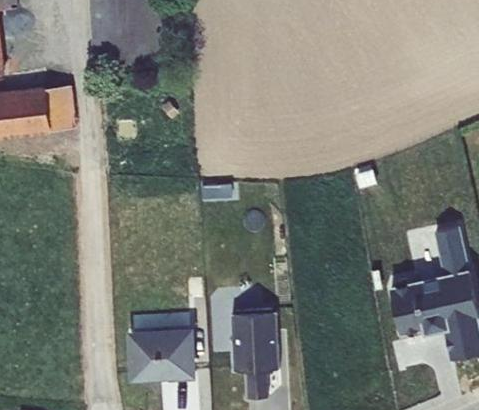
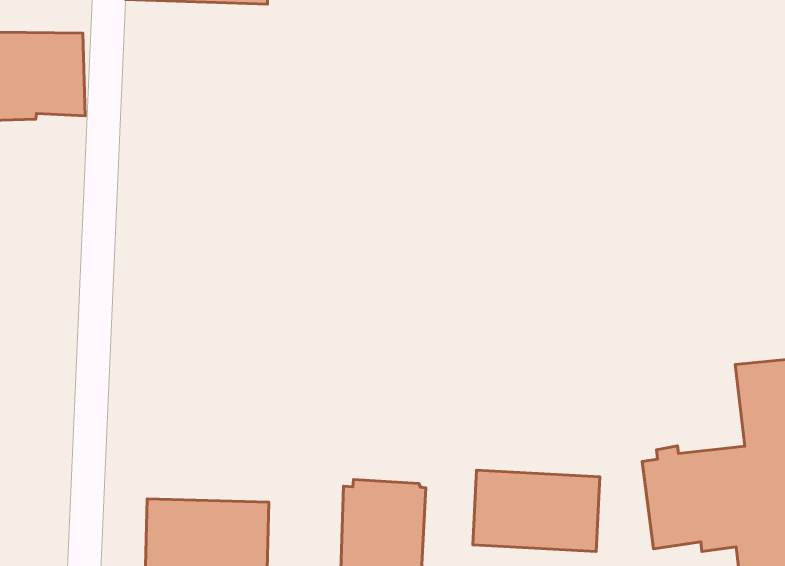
building: none -> [473,470,600,551]

